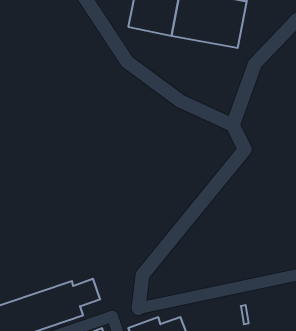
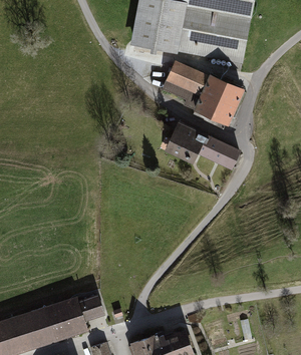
building: none -> [164,61,242,123]
building: none -> [165,119,241,168]

